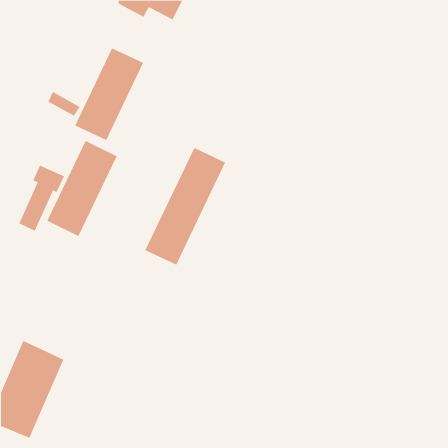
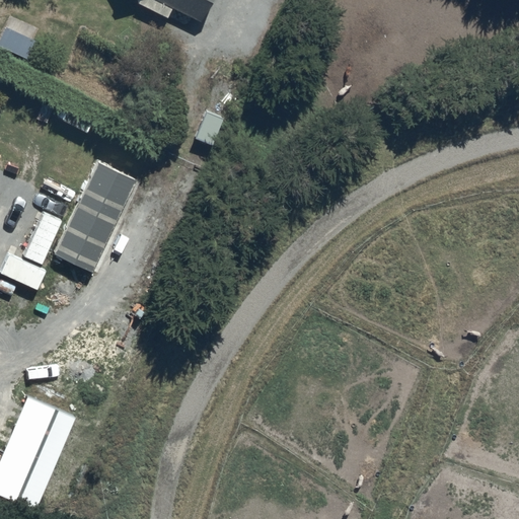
building: [74,48,144,141] -> none
building: [145,147,226,265] -> none

